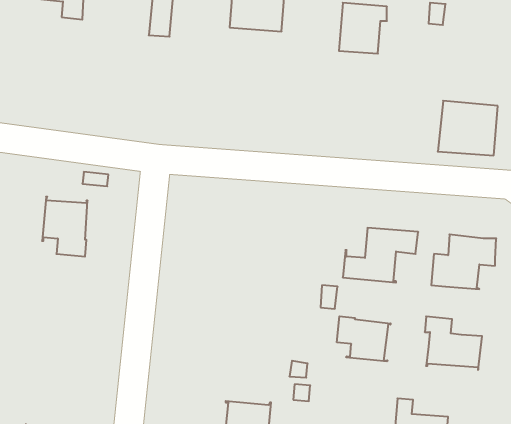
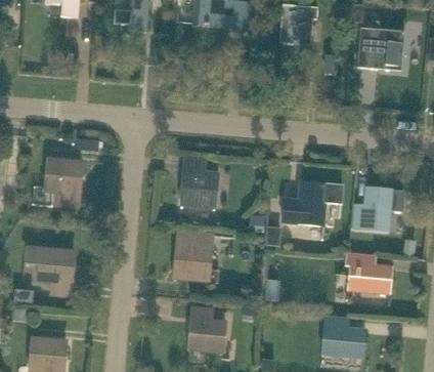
building: [438,101,498,155] -> [357,28,404,71]
building: none -> [181,171,218,209]
building: none -> [175,232,219,283]
building: none -> [27,246,75,283]
building: [337,316,391,361] -> none

